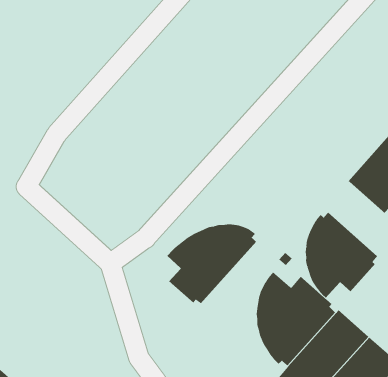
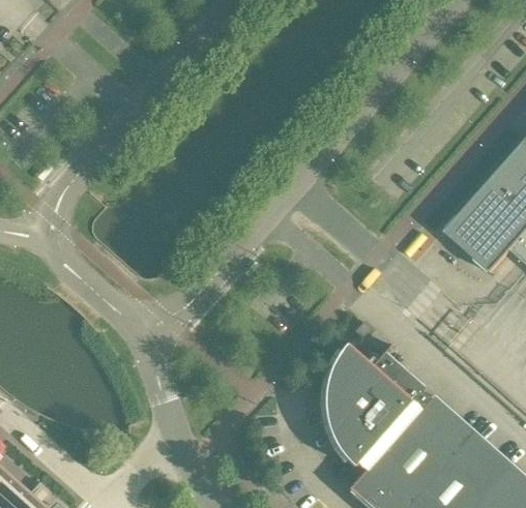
building: [305,212,378,298] -> none
building: [167,223,257,304] -> none

